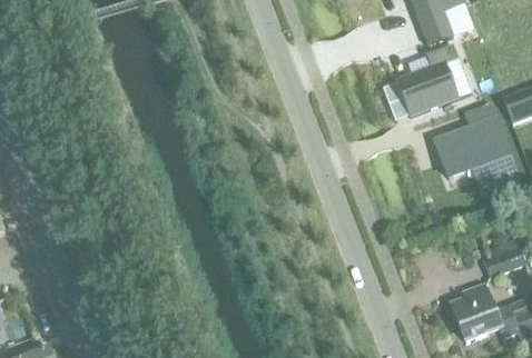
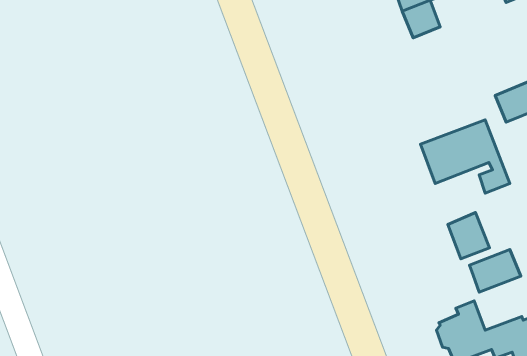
building: [395,43,457,115] -> none
building: none -> [448,212,489,259]

